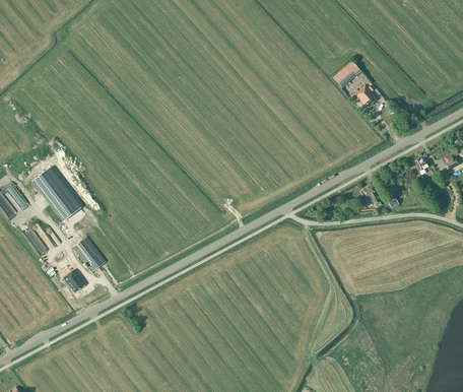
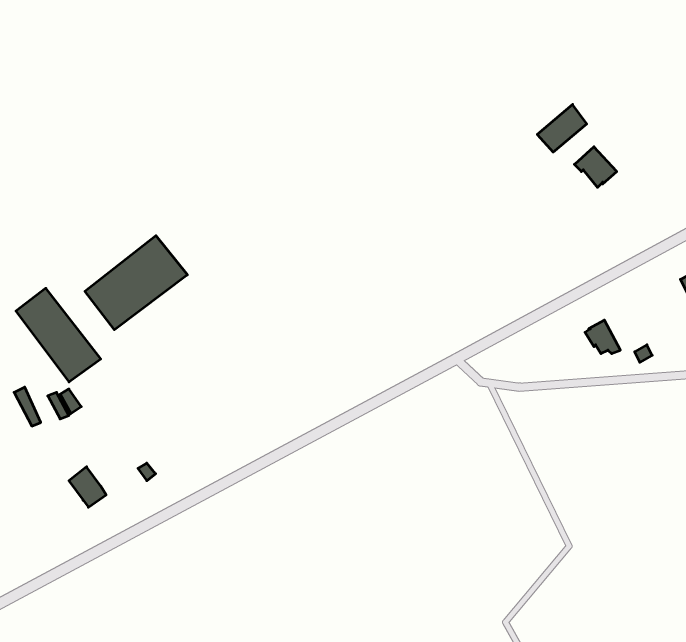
building: none -> [85,236,187,330]
building: [73,237,106,272] -> none

